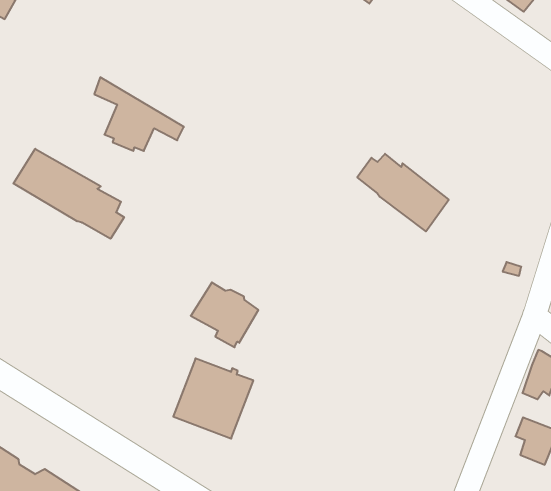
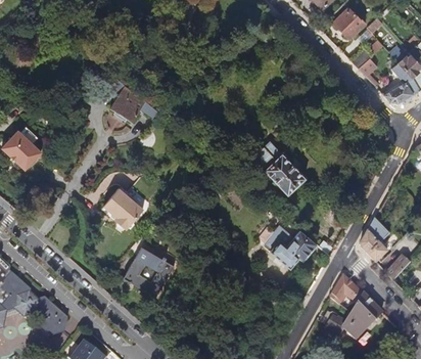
building: [13,149,124,239] -> none
building: [191,282,258,347] -> [102,190,142,230]
building: none -> [264,224,316,268]

